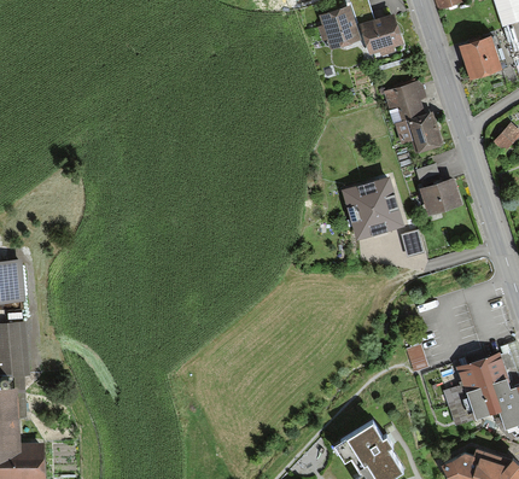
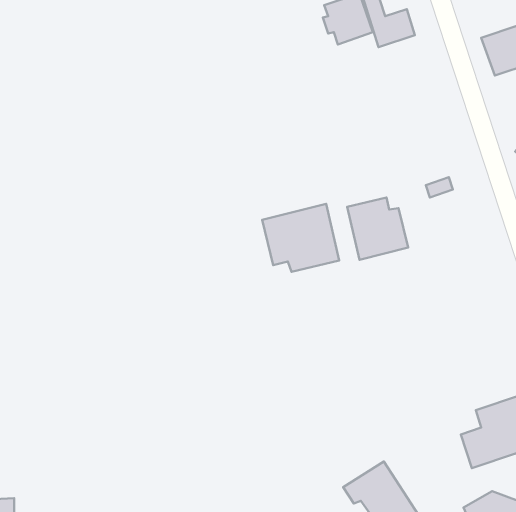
building: [383,81,435,156] -> none
building: [415,183,456,220] -> none
building: none -> [262,204,339,272]

